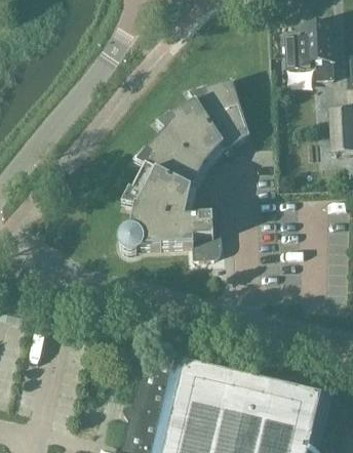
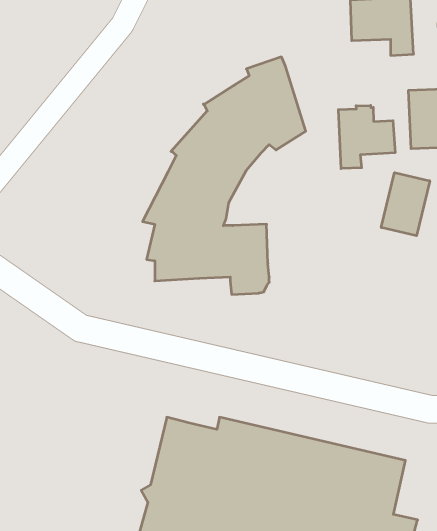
building: none -> [338,105,395,169]
building: none -> [381,173,430,236]

